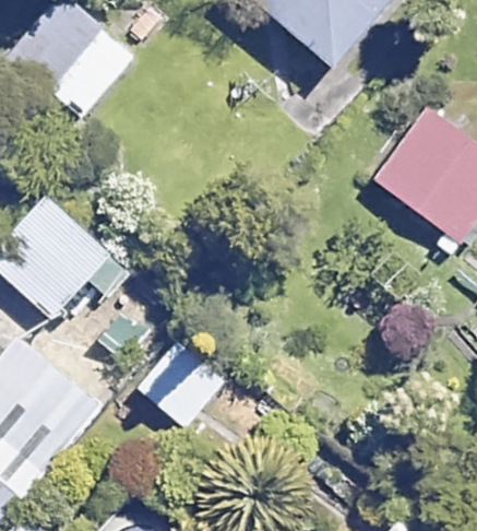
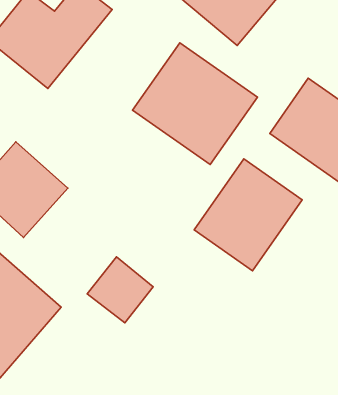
building: none -> [133,43,257,164]
building: none -> [194,159,302,271]

